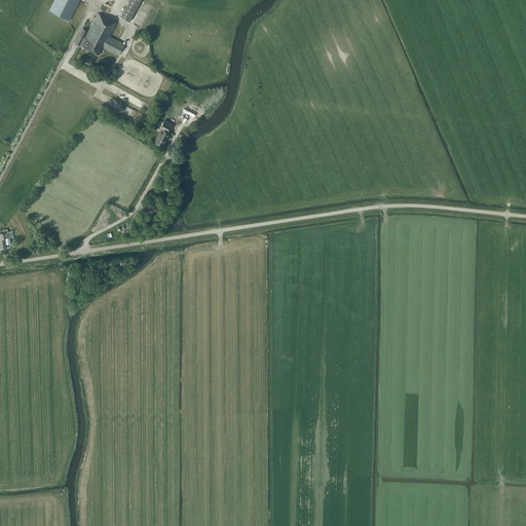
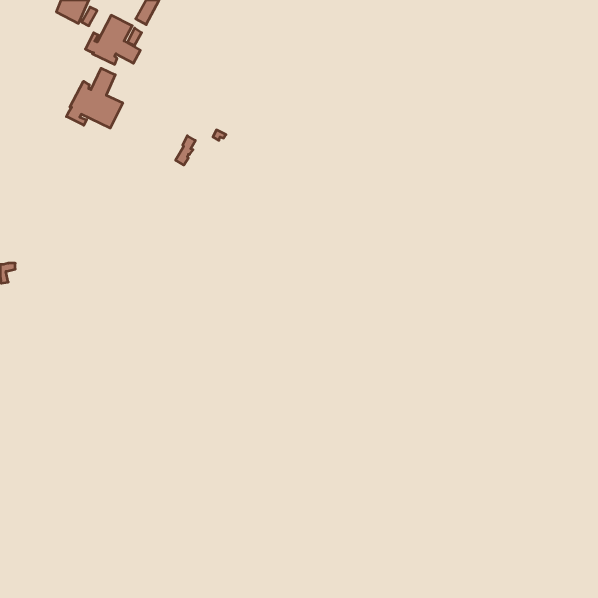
building: none -> [66,68,123,128]

